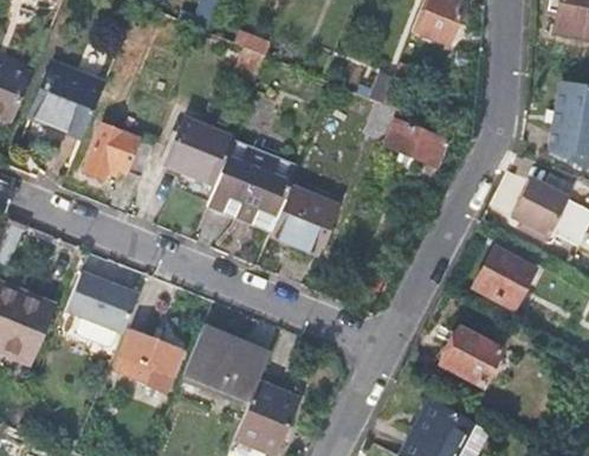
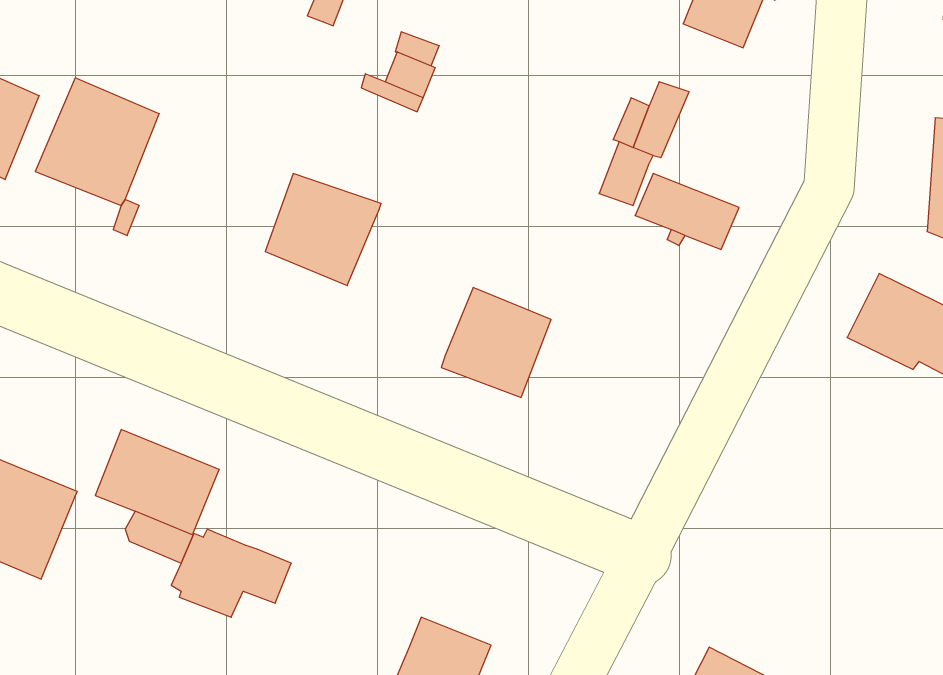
building: [83,126,156,180] -> none
building: [208,140,293,226] -> none
building: [475,248,532,307] -> none
building: [183,326,270,399] -> none
building: [440,329,501,387] -> none

